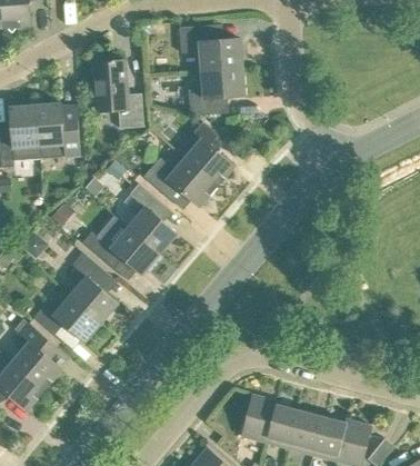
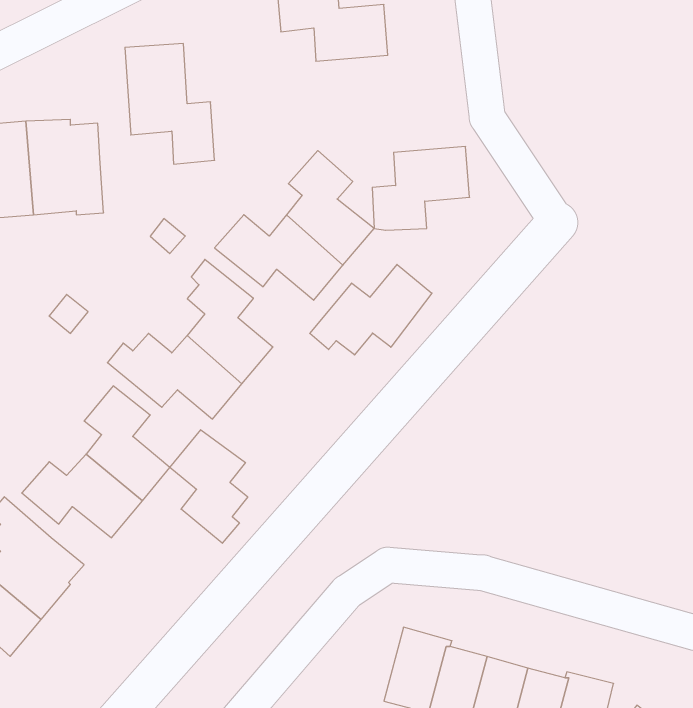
building: [189,67,244,115] -> [372,147,470,230]
building: none -> [310,264,432,355]
building: none -> [170,430,248,543]

